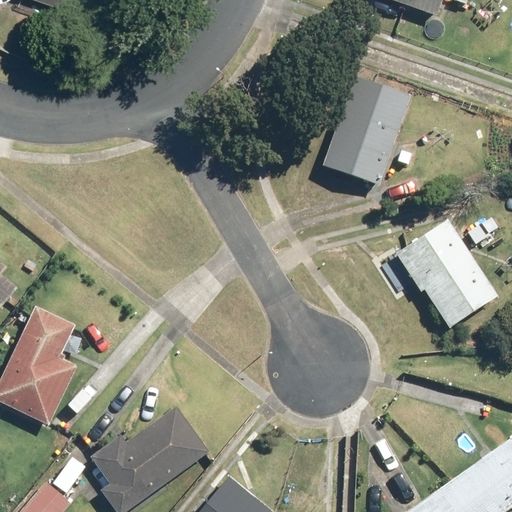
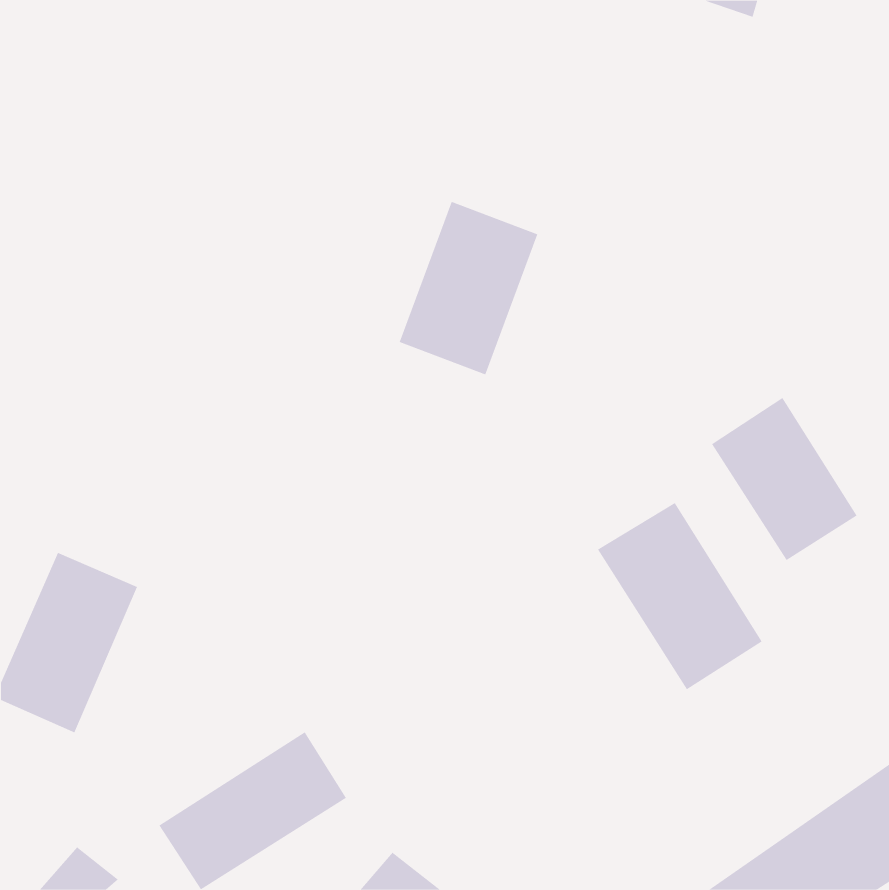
building: [324,82,404,182] -> [399,201,538,375]
building: none -> [597,502,763,690]

